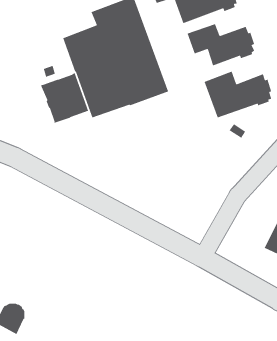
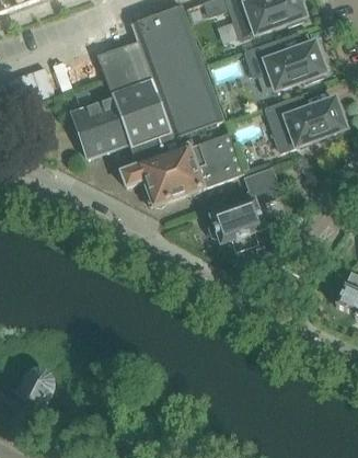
building: none -> [120,130,243,205]
building: none -> [207,167,280,253]

